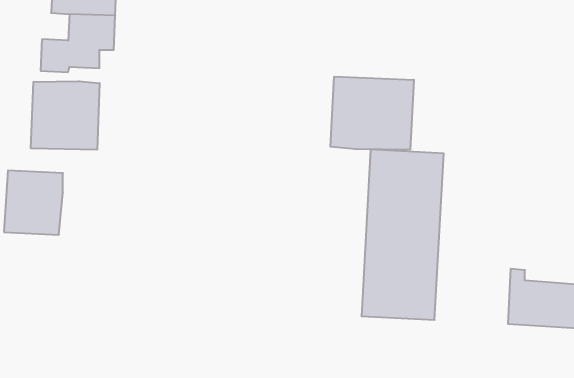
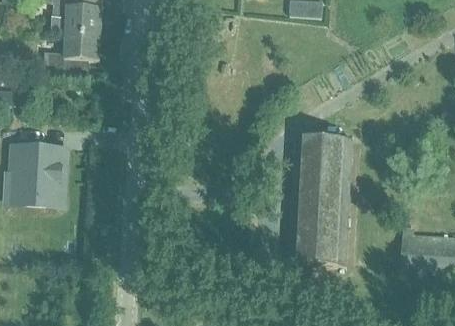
building: [330,77,414,150] -> none
building: [31,81,100,150] -> none

